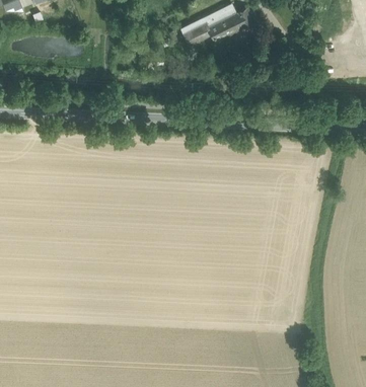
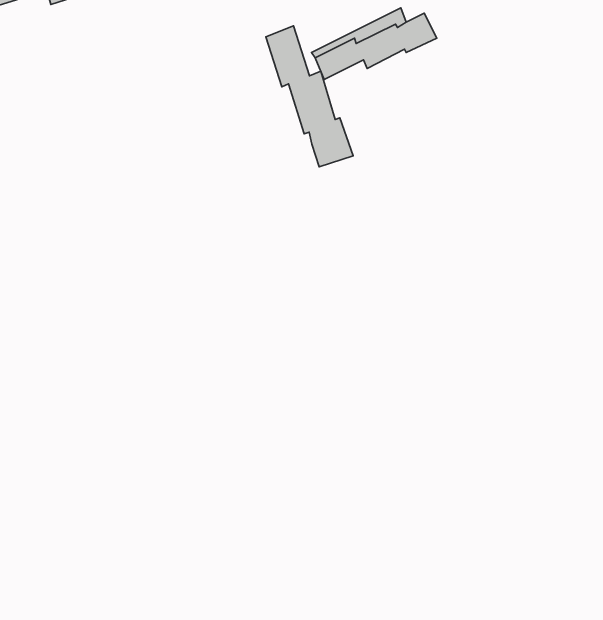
building: none -> [266,26,353,167]

